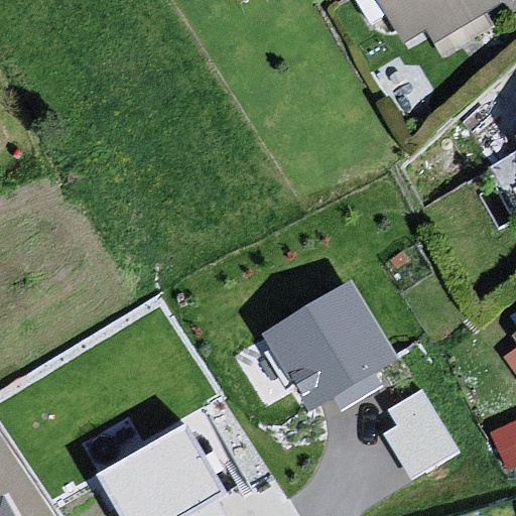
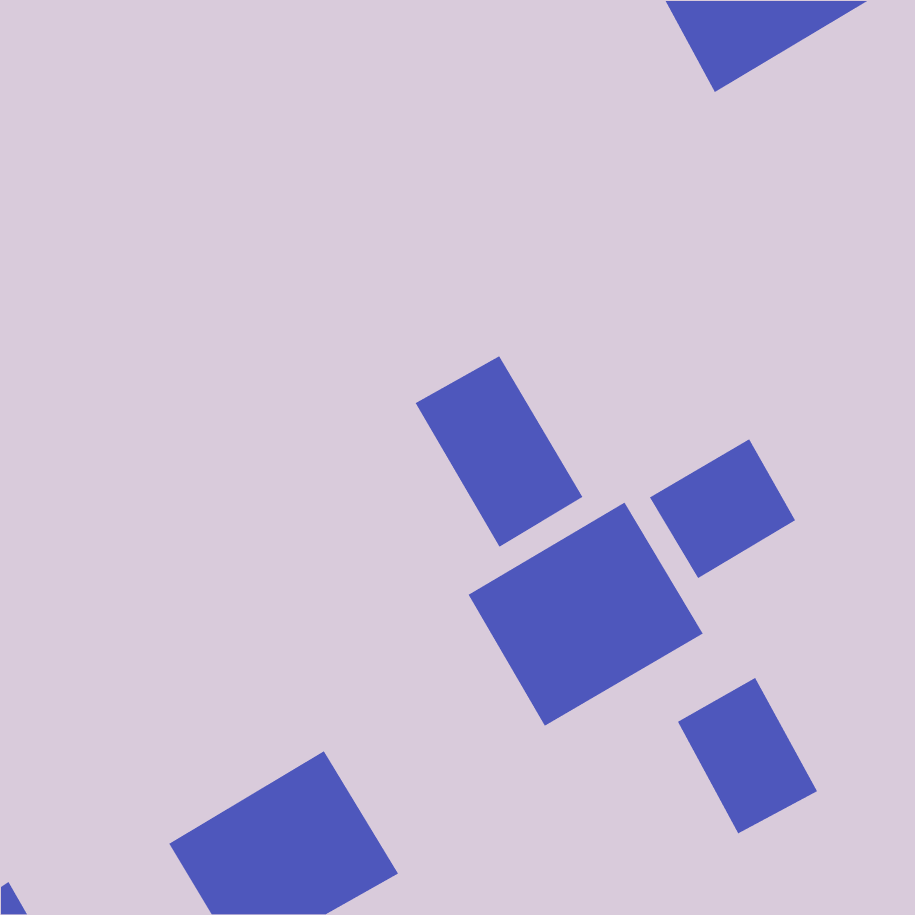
building: none -> [414,355,583,548]
building: none -> [649,438,796,579]

